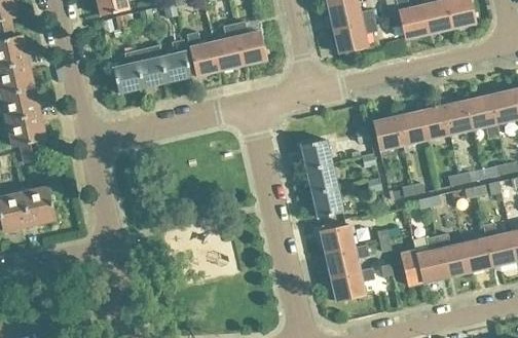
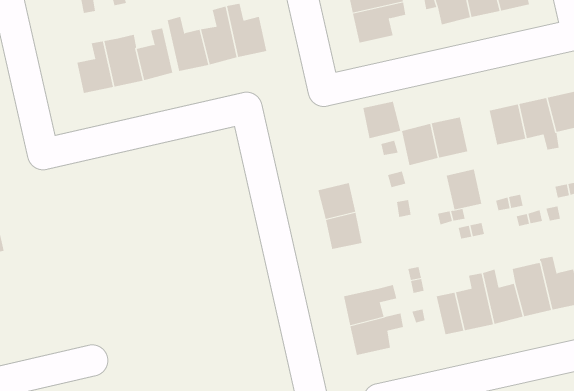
building: [419,106,448,139] -> [446,169,482,210]
building: [300,140,331,170] -> [363,101,401,139]
building: [320,224,354,254] -> none

